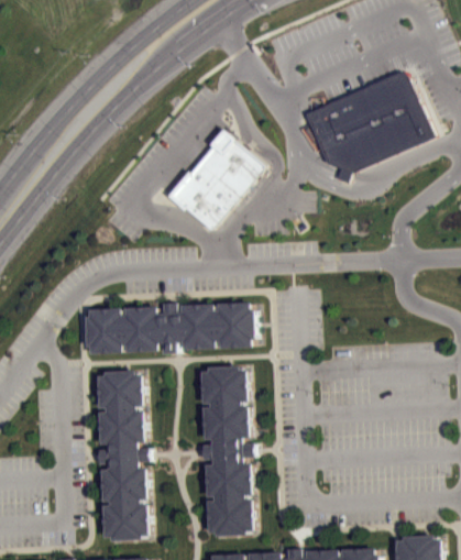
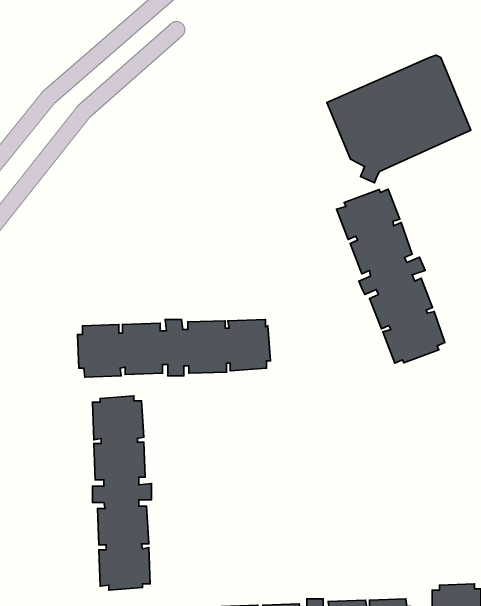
building: [165,130,263,231] -> none
building: none -> [336,189,445,363]
building: [200,366,251,537] -> none

